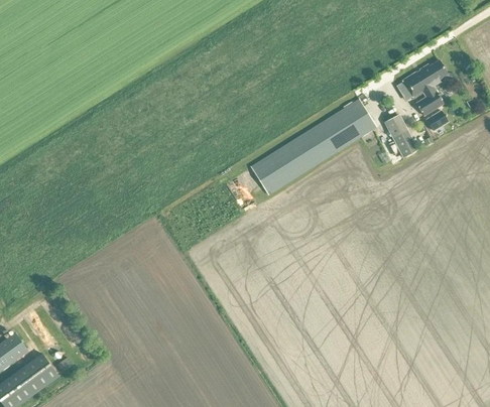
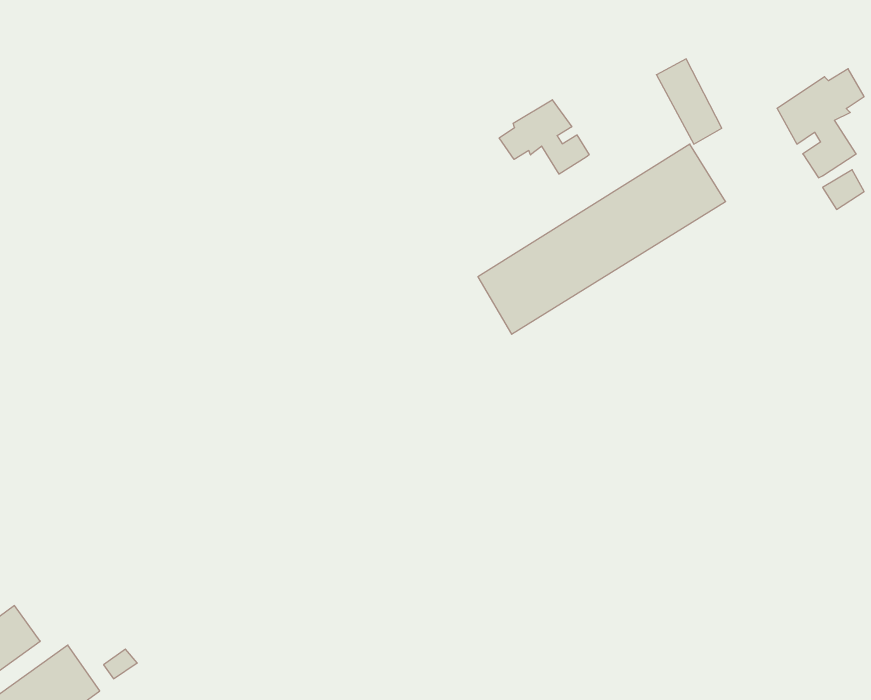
building: none -> [499,100,589,174]
building: [384,114,417,157] -> [656,59,722,144]

